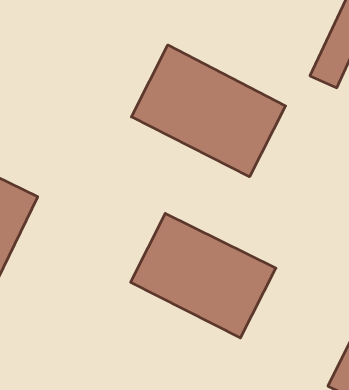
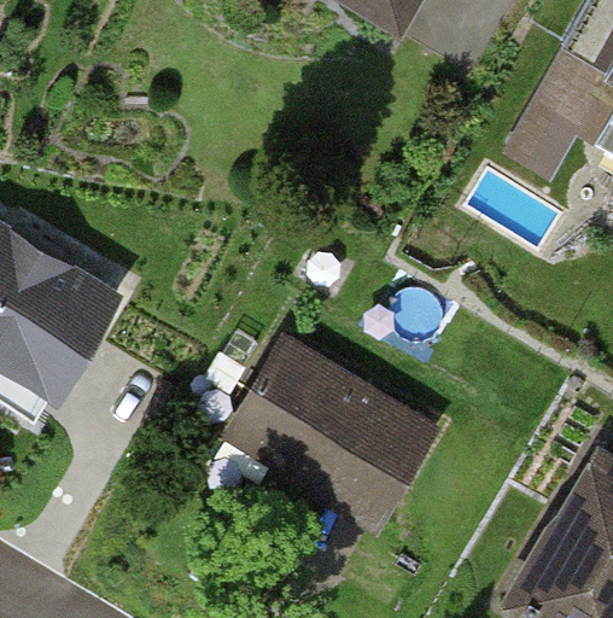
building: [131,45,286,177] -> none

